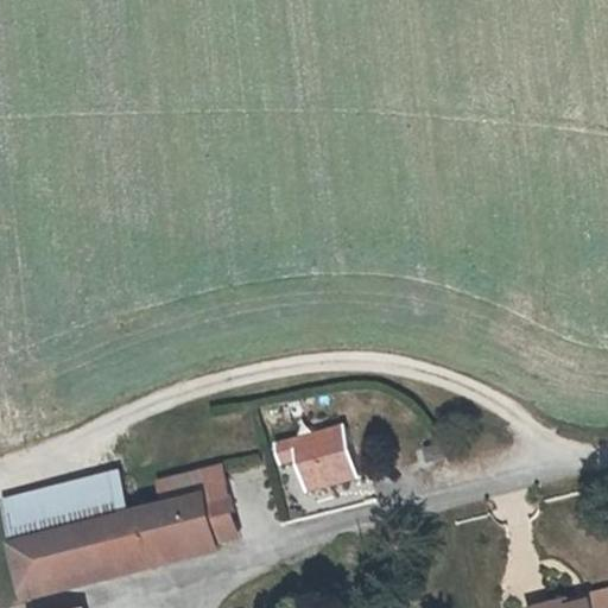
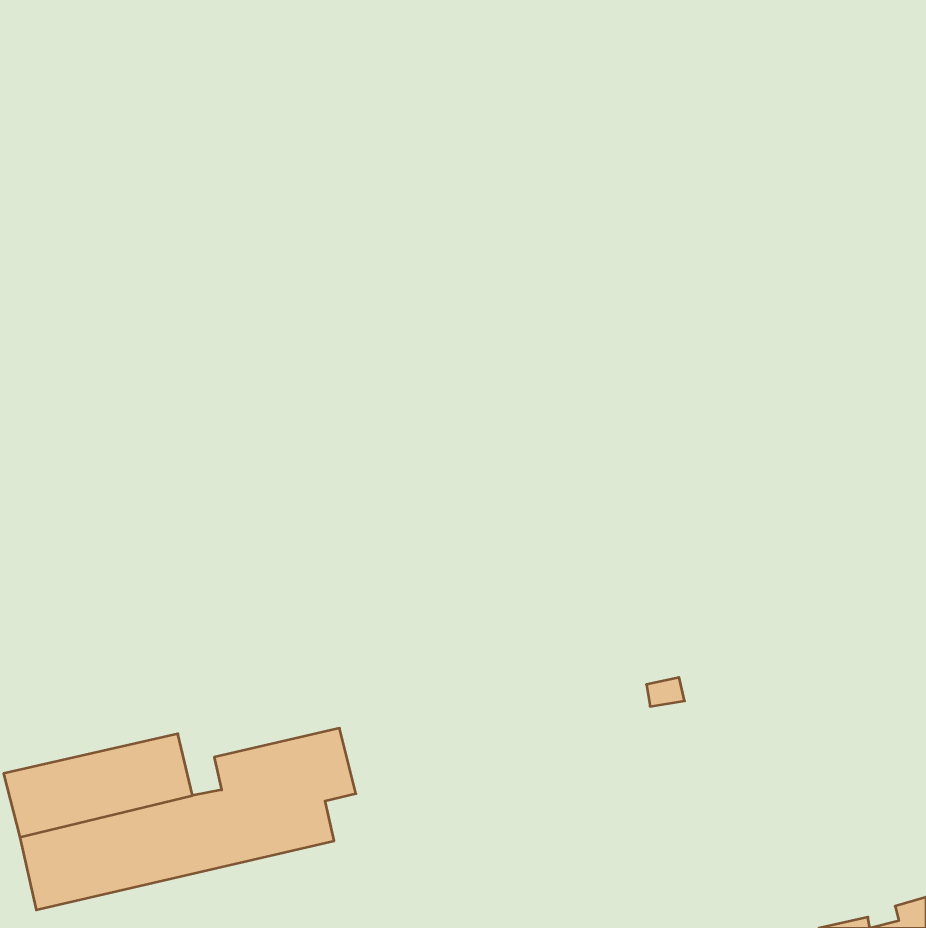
building: [270,425,356,493] -> none

